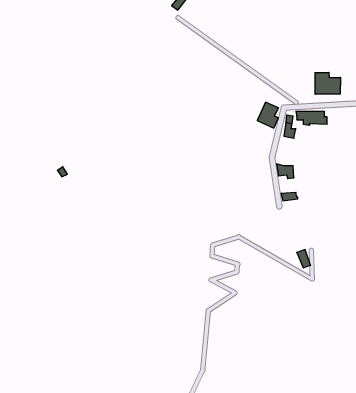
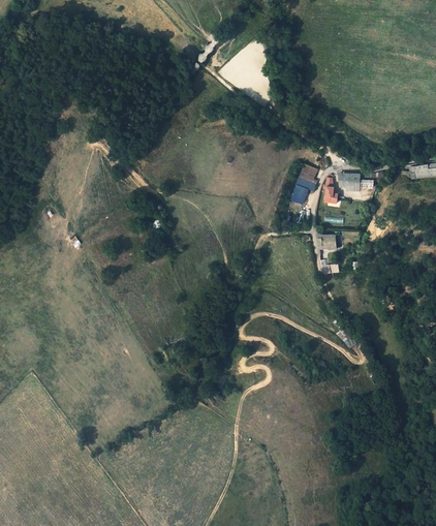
building: [315,72,340,94] -> none

